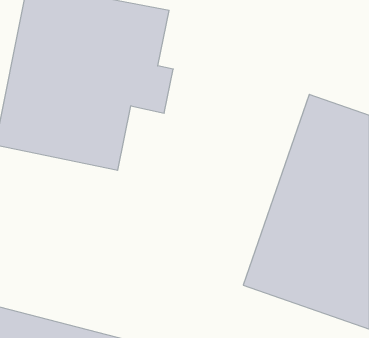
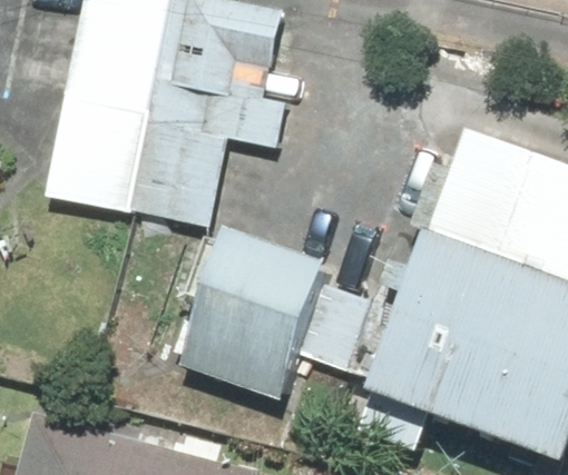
building: none -> [192,229,363,394]

